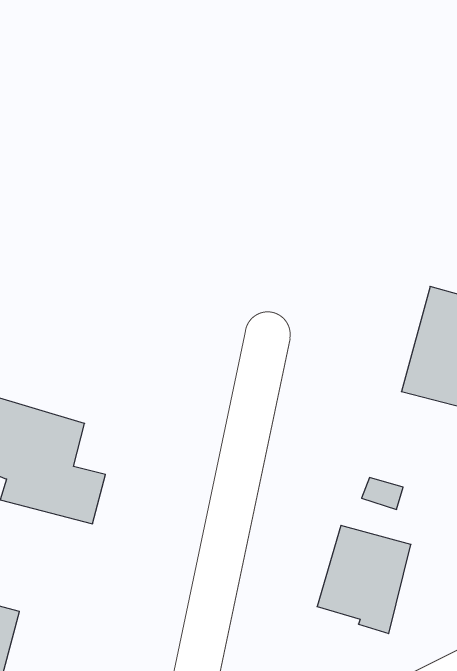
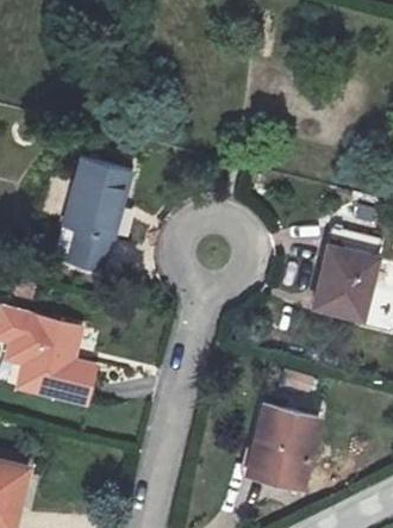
building: none -> [62,161,135,277]

